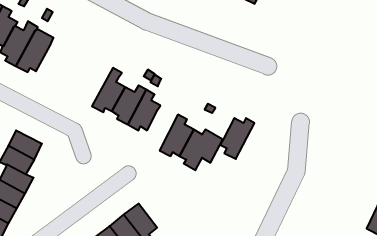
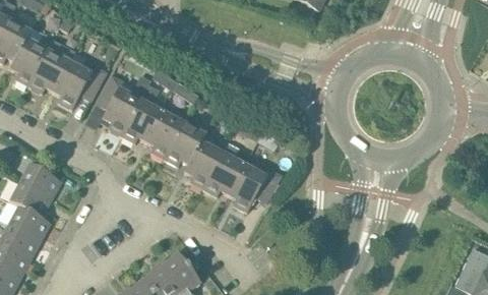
building: none -> [53,59,107,109]
building: none -> [95,72,150,134]
building: [220,118,254,159] -> [184,138,226,188]

